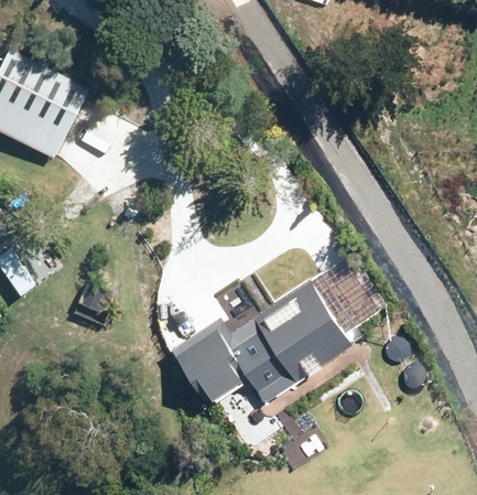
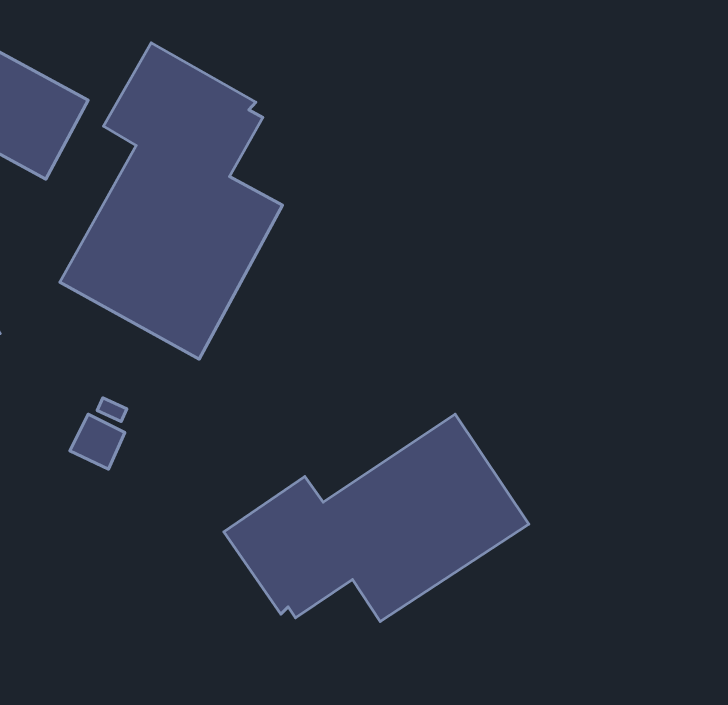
building: none -> [60,43,283,359]

